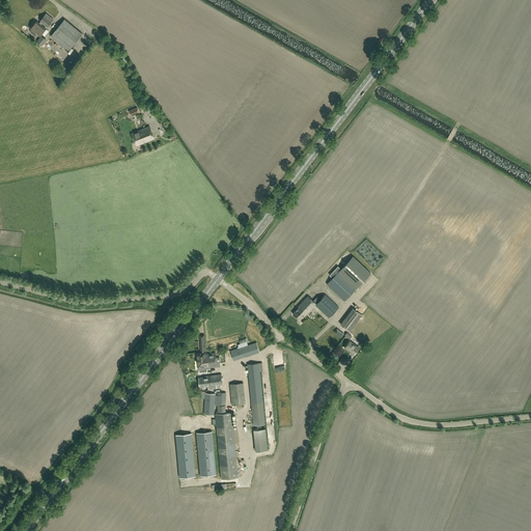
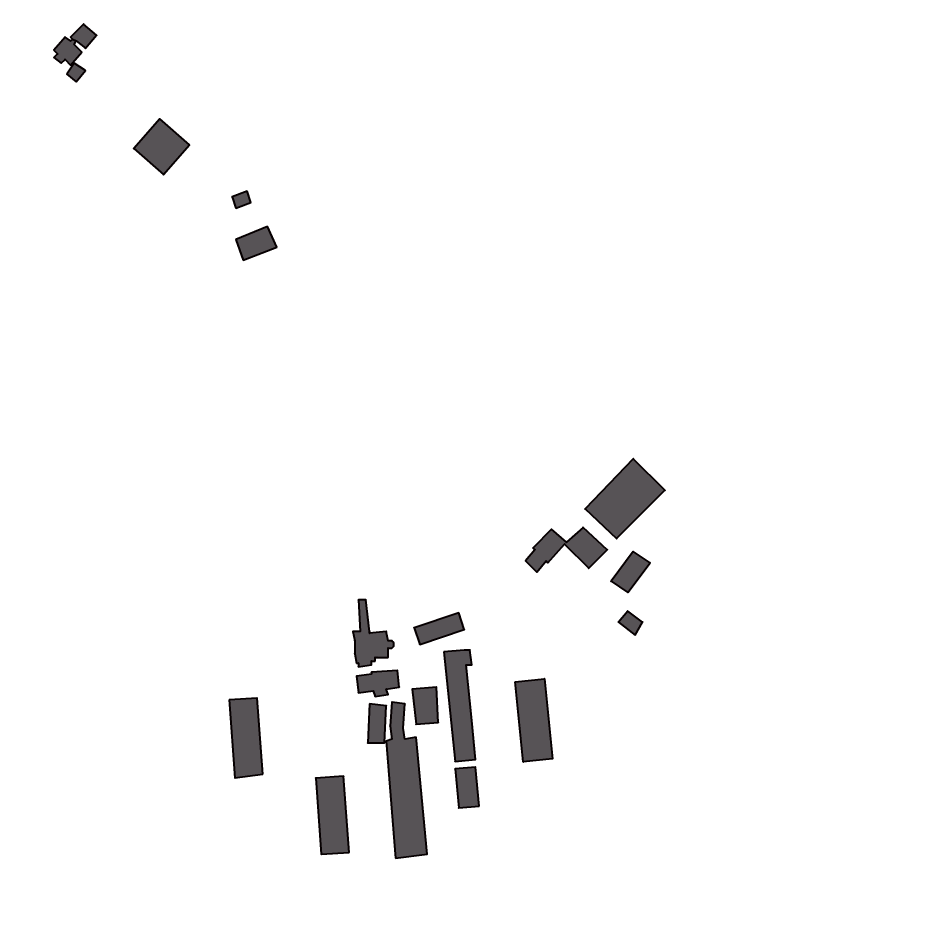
building: [51,20,82,51] -> [134,119,189,175]
building: none -> [515,679,553,762]
building: [197,431,216,476] -> [229,698,263,778]

